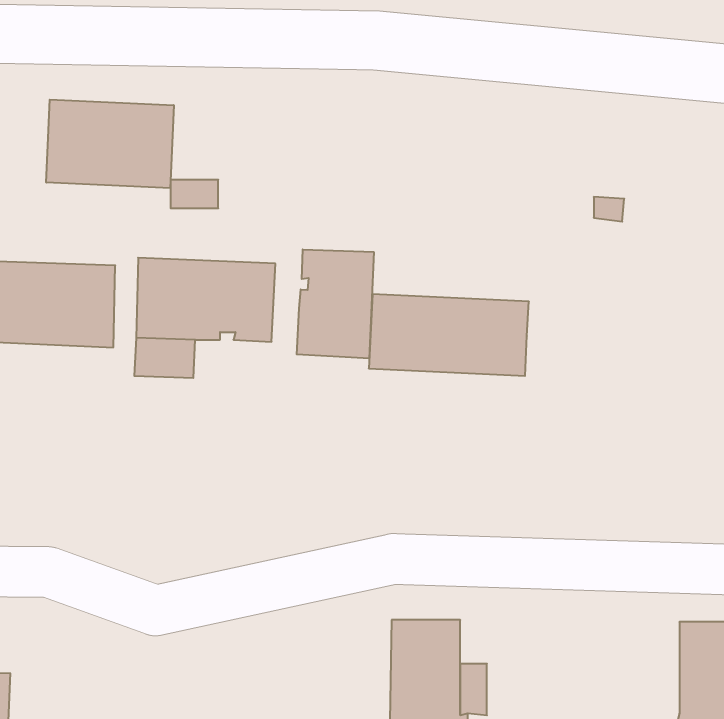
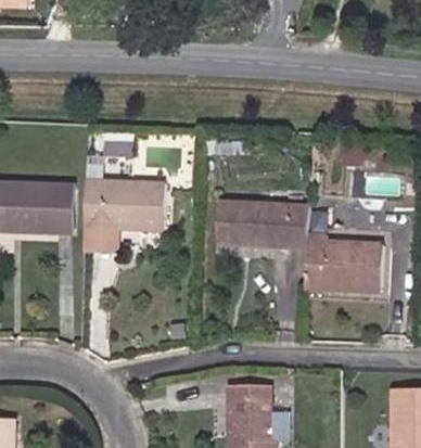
building: [46,100,174,188] -> none
building: [297,249,374,359] -> none
building: none -> [304,227,383,292]

